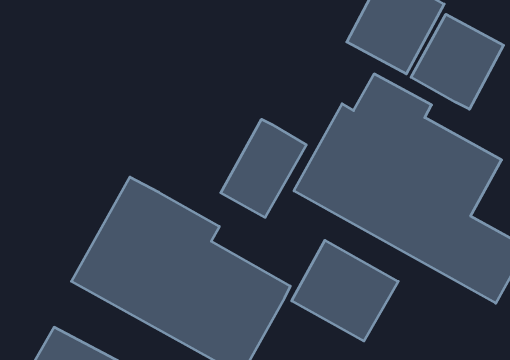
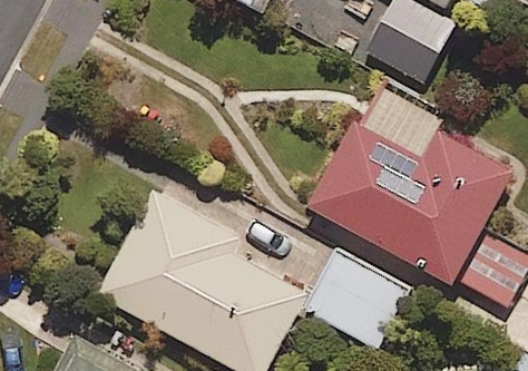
building: [411,14,504,109] -> none
building: [221,119,306,217] -> none

